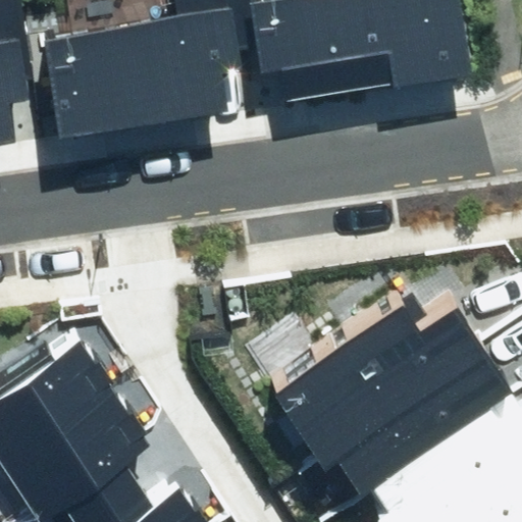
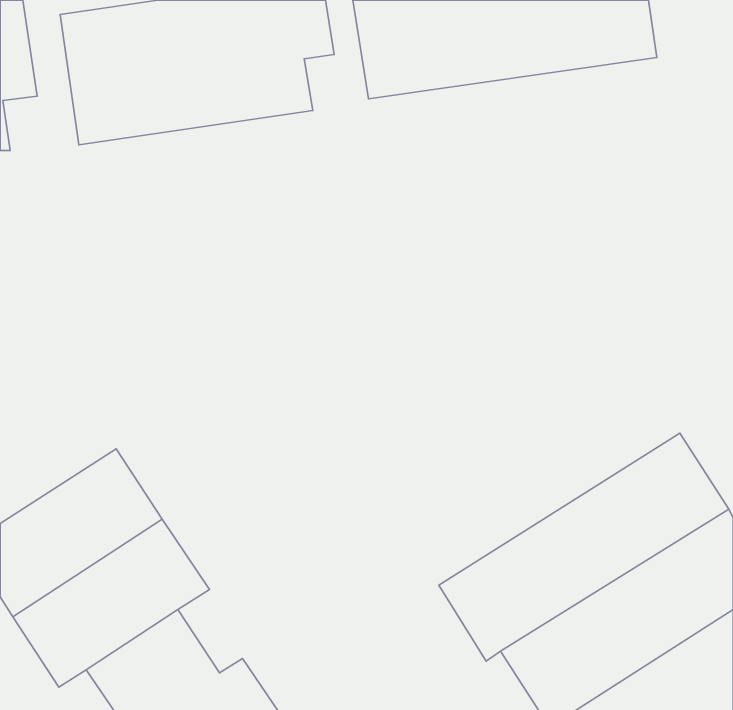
building: [277,291,483,432] -> none

